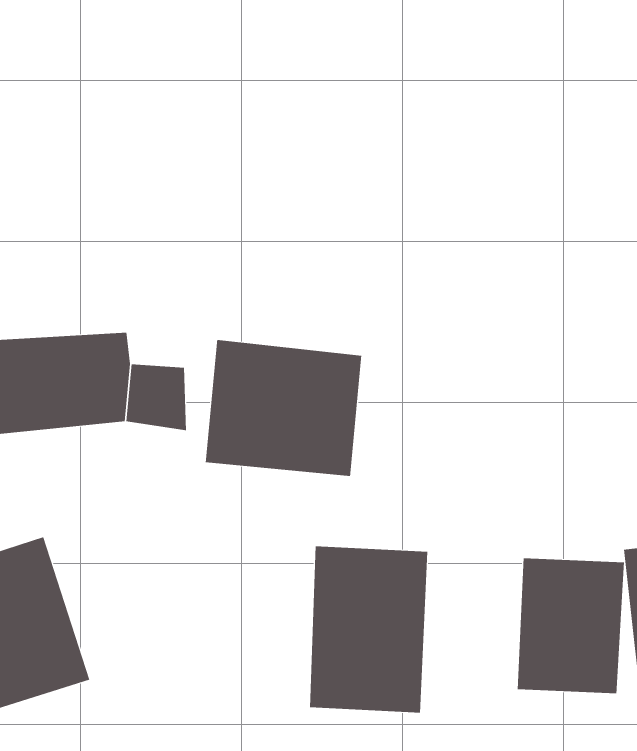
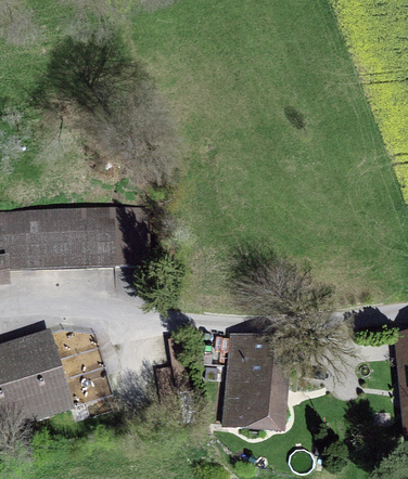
building: [205,339,362,477] -> none
building: [517,558,625,694] -> none

